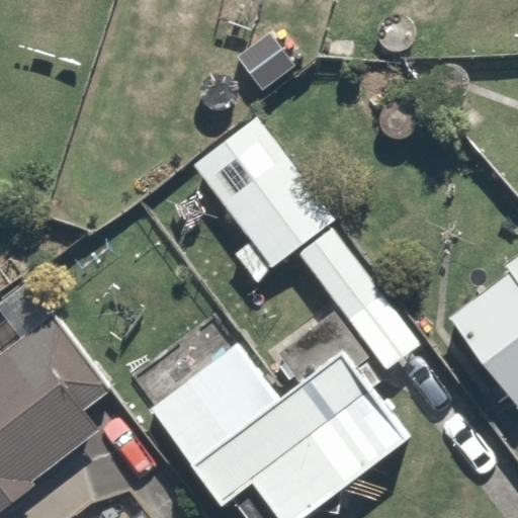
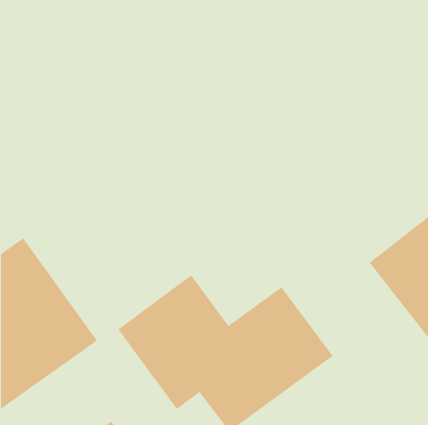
building: [189,116,426,375] -> none

